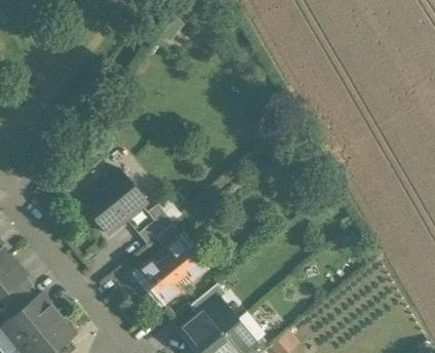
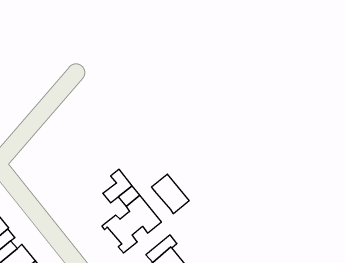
building: [79,169,146,235] -> none
building: none -> [152,174,189,214]

